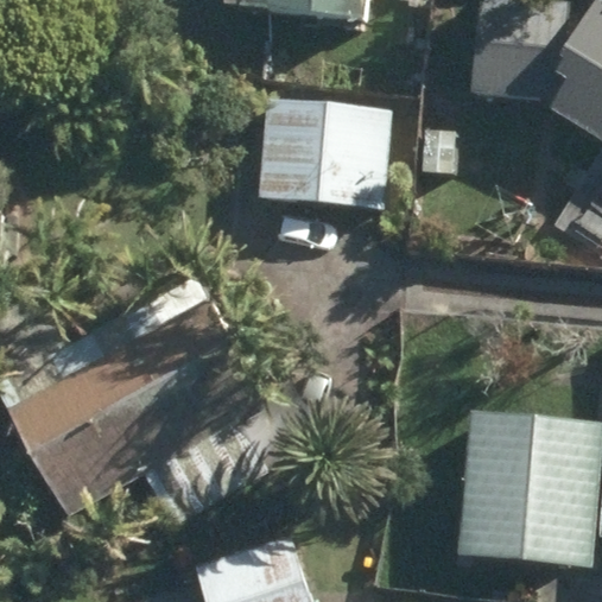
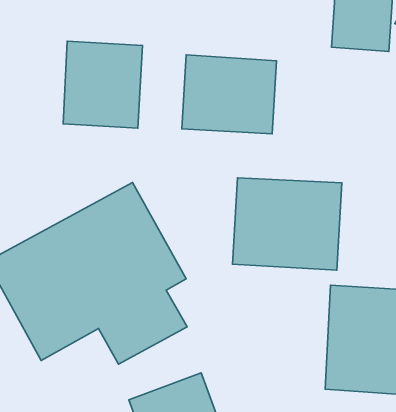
building: none -> [63,41,143,128]
building: none -> [233,178,342,270]

